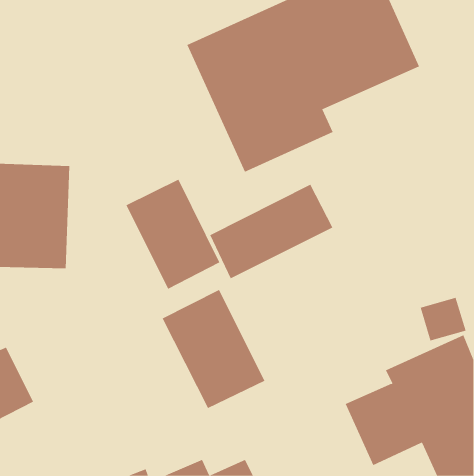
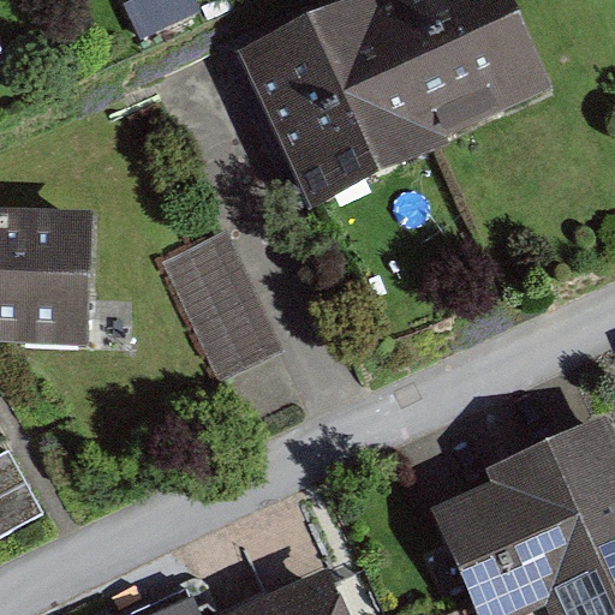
building: [209,184,333,279] -> none
building: [162,289,265,409] -> none

